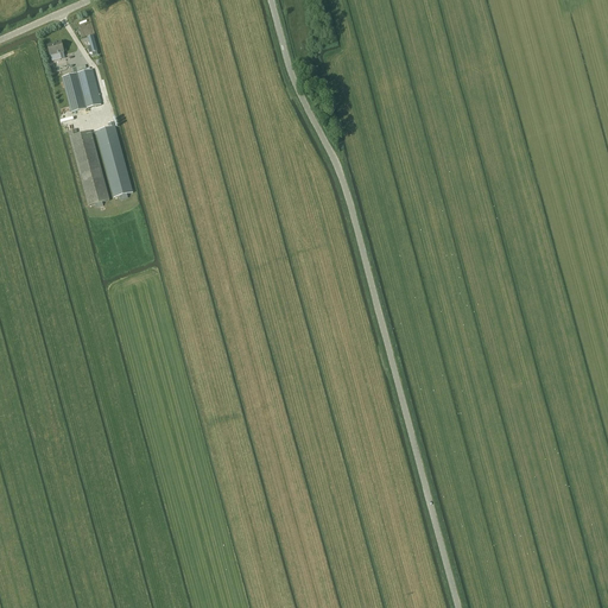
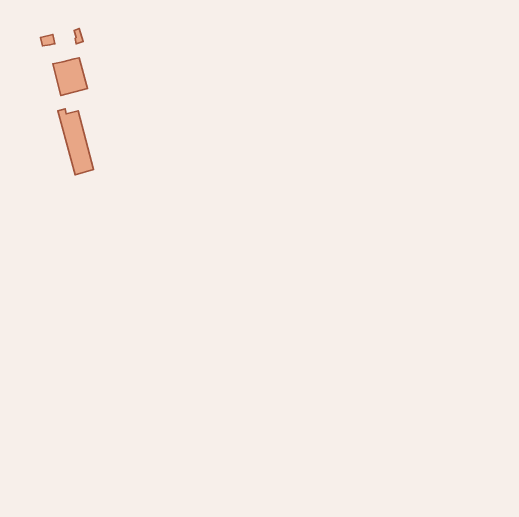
building: [95,120,133,196] -> none

